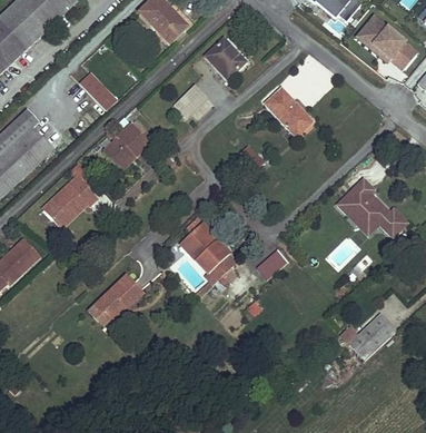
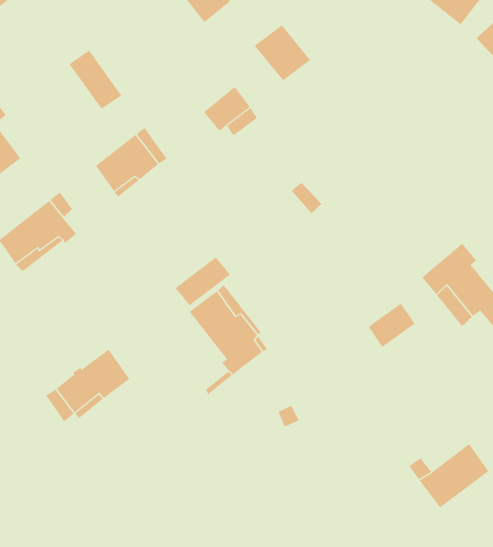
building: [265,87,313,136] -> none
building: none -> [175,257,231,306]
building: [256,247,288,279] -> [368,303,415,348]

